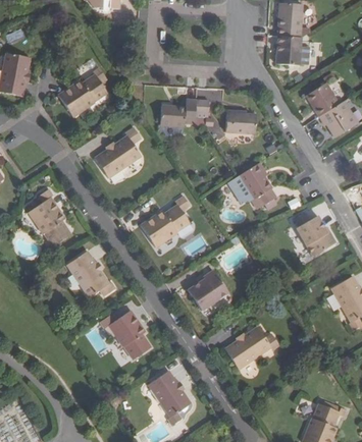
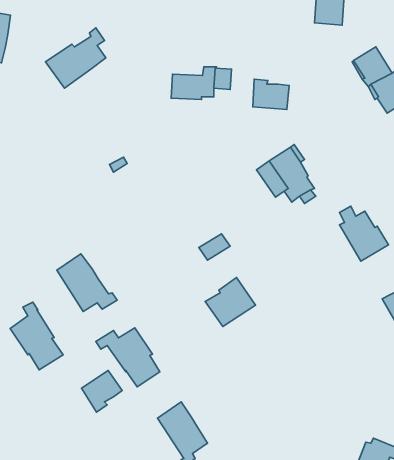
building: [95,127,141,177] -> none
building: [29,190,71,245] -> [10,302,63,370]
building: [141,196,191,246] -> none
building: [224,327,280,369] -> none
building: none -> [82,371,122,412]

